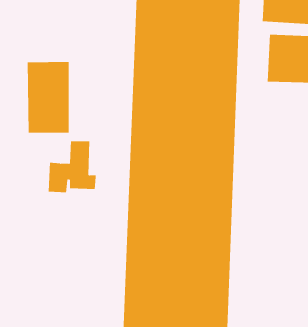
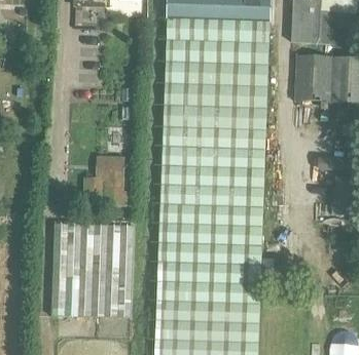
building: [27,61,69,133] -> none
building: none -> [51,223,135,316]

